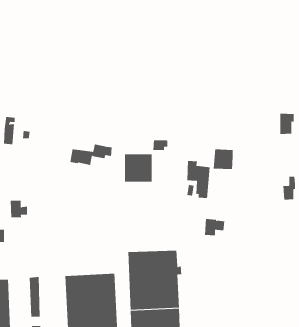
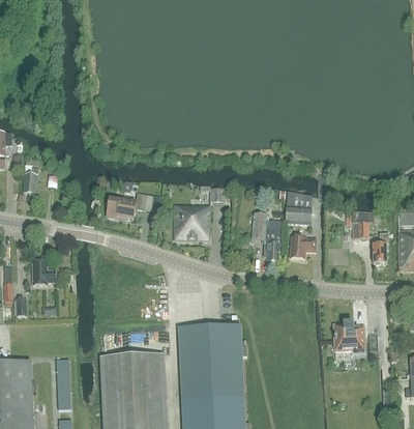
building: [280,113,295,135] -> [352,210,371,237]
building: [204,219,225,236] -> [290,236,316,258]
building: none -> [333,322,363,352]

